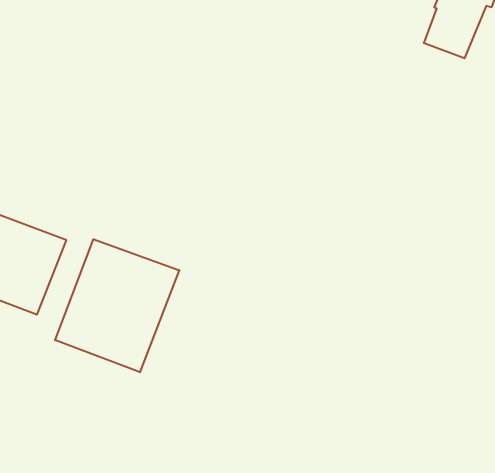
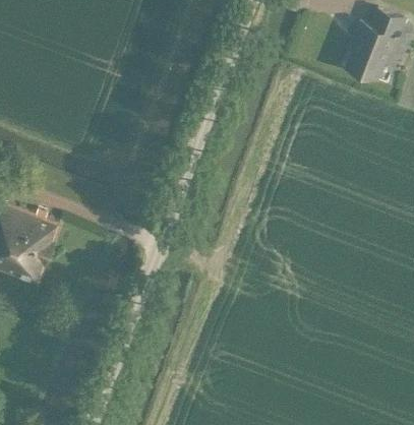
building: [55,239,179,372] -> none

